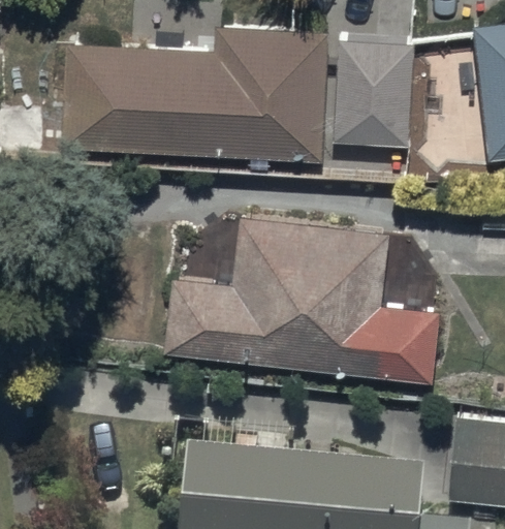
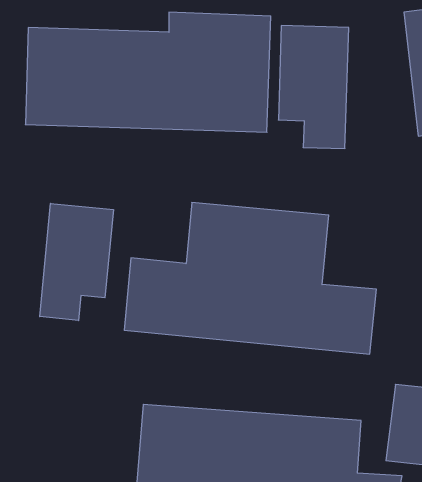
building: none -> [40,203,113,321]

